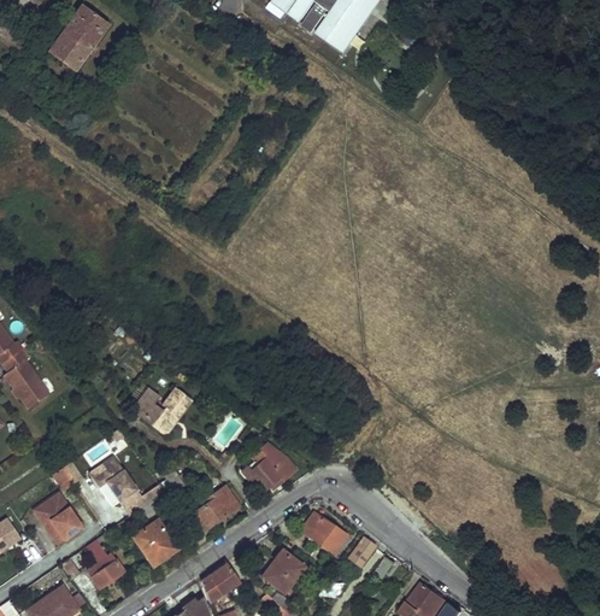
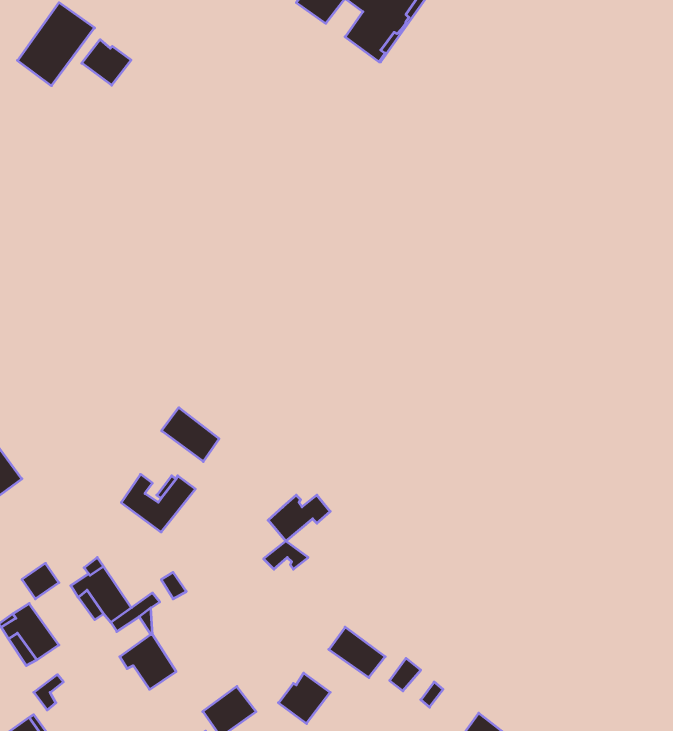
building: none -> [82,40,131,85]
building: none -> [162,408,219,462]
building: [245,456,295,493] -> [268,495,330,541]
building: [188,486,237,532] -> none
building: [86,539,123,588] -> none

